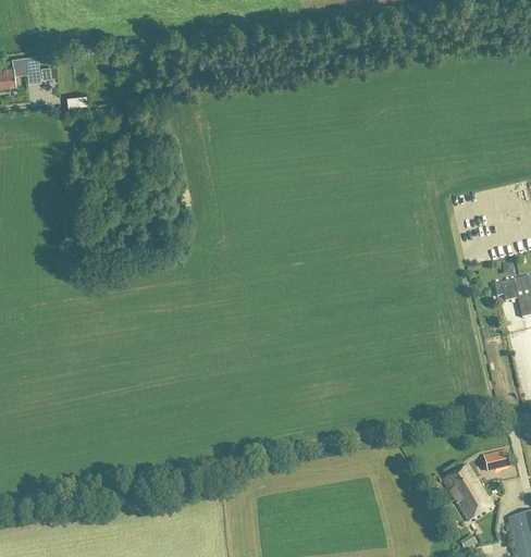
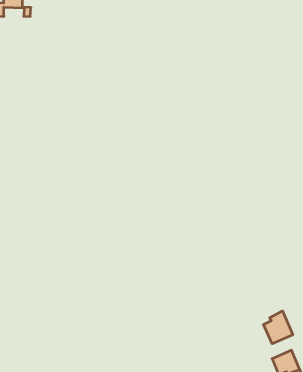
building: none -> [264,311,293,344]

